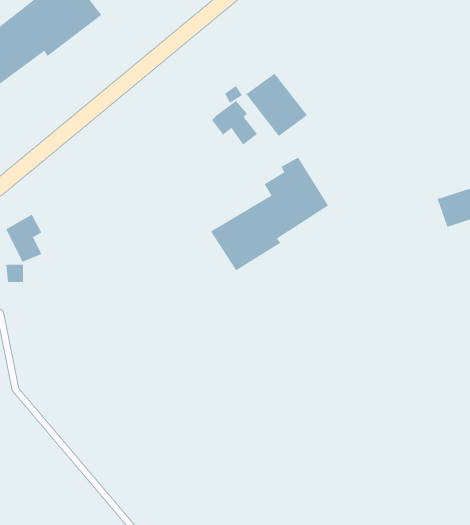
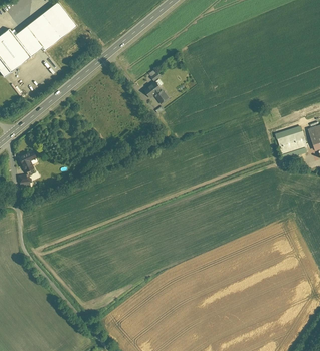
building: [245,73,308,137] -> none
building: [210,157,329,271] -> none

